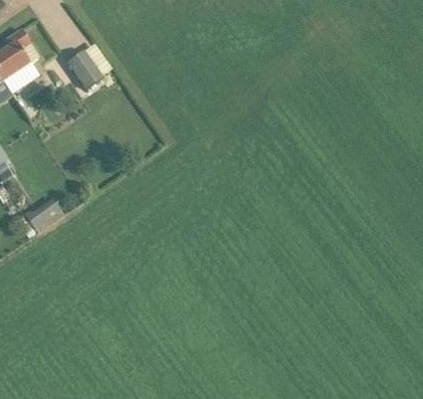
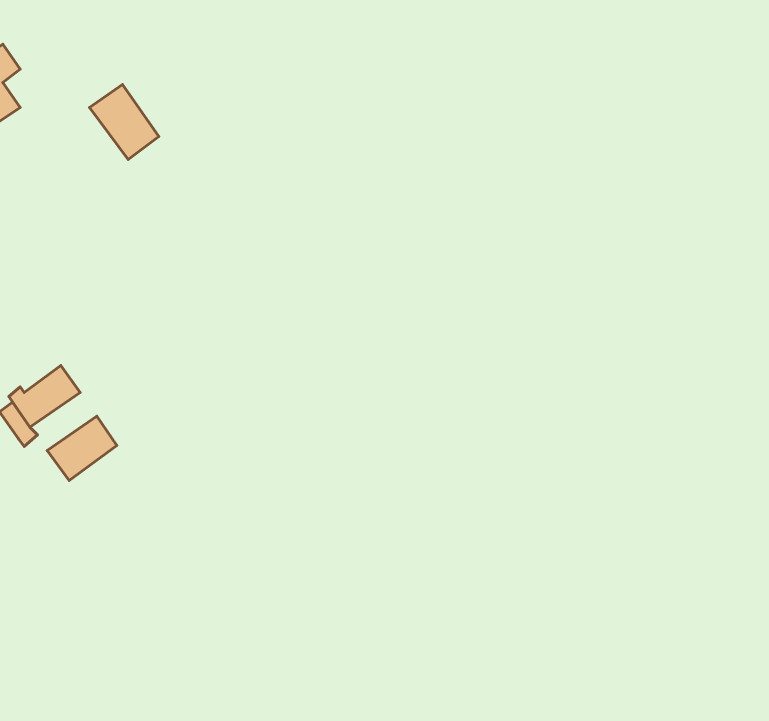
building: none -> [47,416,117,480]

